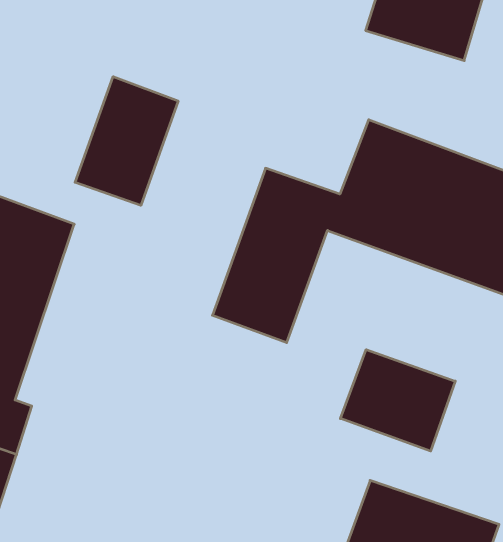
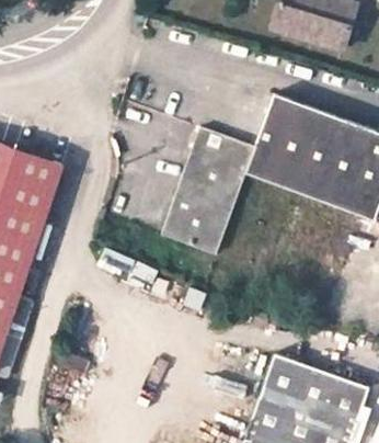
building: [75,77,178,205] -> none
building: [340,350,455,451] -> none

